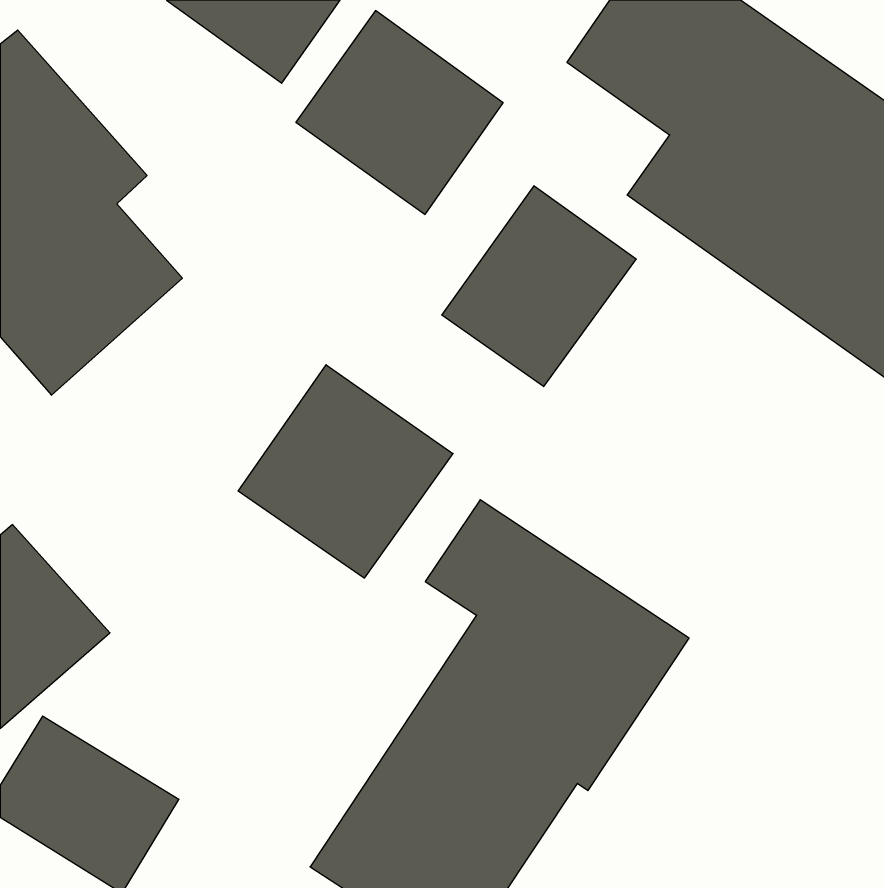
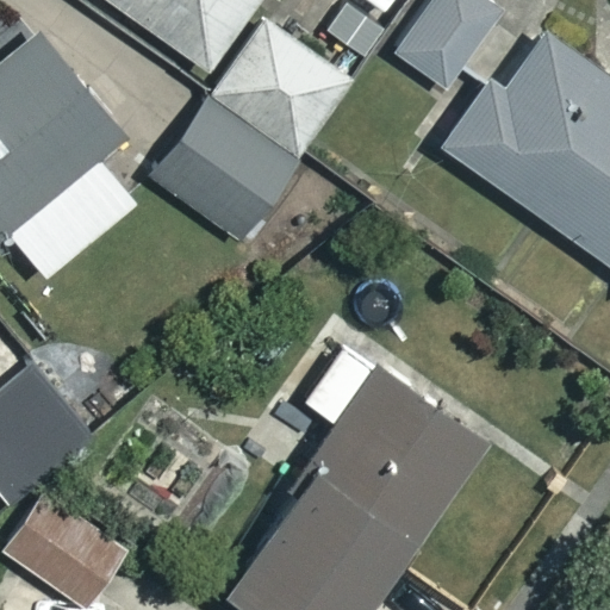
building: none -> [151,99,297,241]
building: [442,186,636,387] -> none
building: [238,365,453,578] -> none

